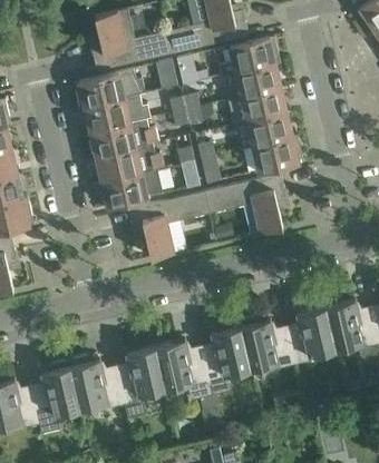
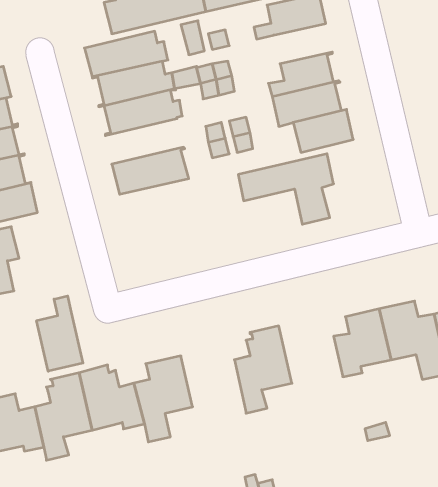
building: [235,62,285,97] -> none
building: [91,144,164,183] -> none
building: [128,191,210,258] -> none
building: none -> [37,296,83,371]
building: [240,315,294,370] -> none
building: [156,339,212,400] -> none

